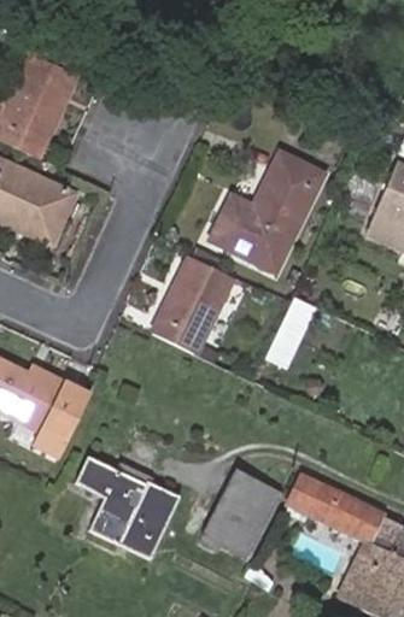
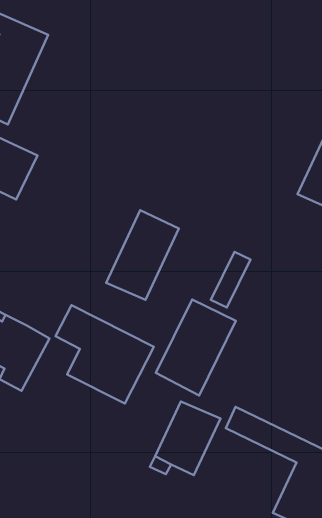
building: [210,153,322,272] -> none
building: none -> [156,300,236,396]
building: [72,451,183,562] -> [55,305,154,403]

